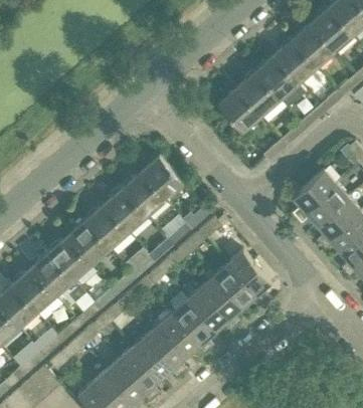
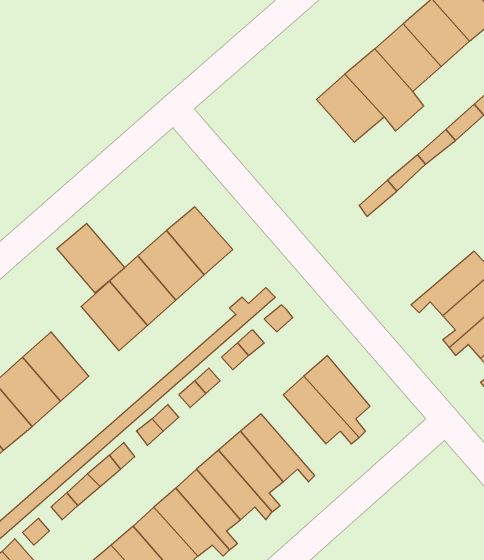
building: [217,88,260,133] -> none
building: [293,170,337,219] -> none
building: [67,220,111,264] -> [57,223,125,293]
building: [201,276,242,328] -> none

